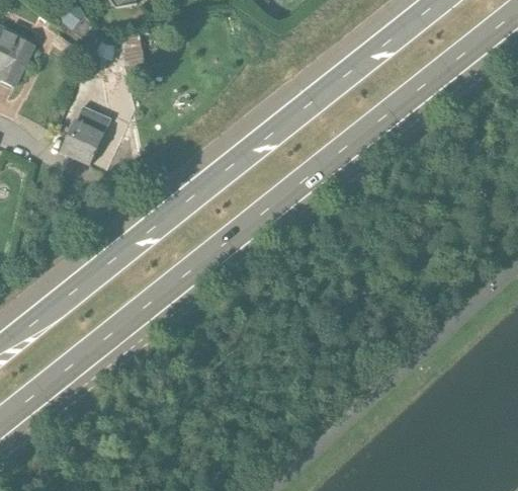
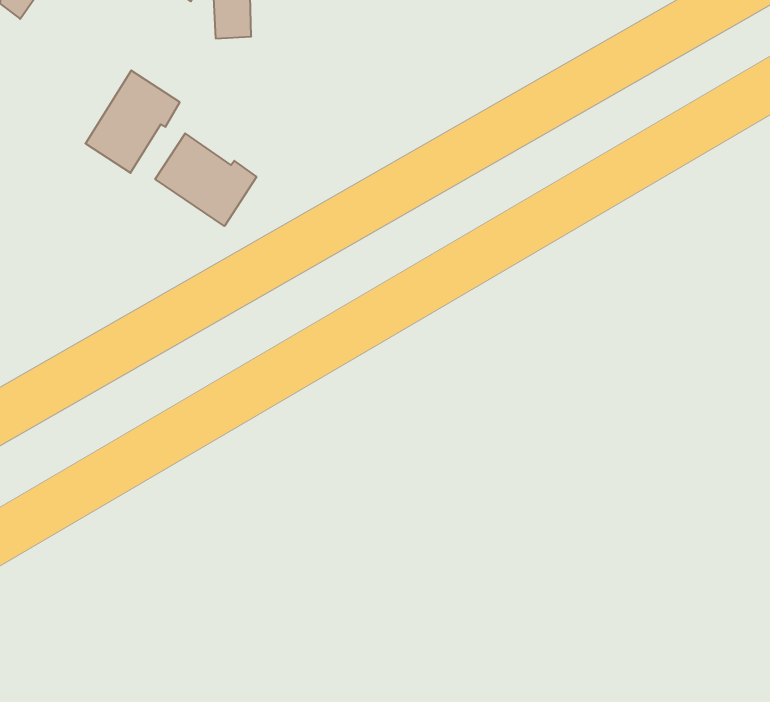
building: none -> [155,133,256,226]

